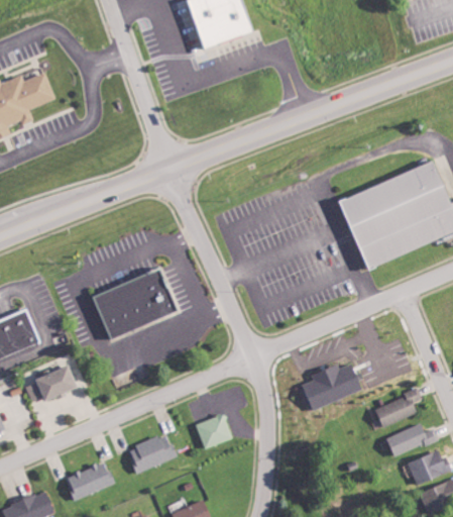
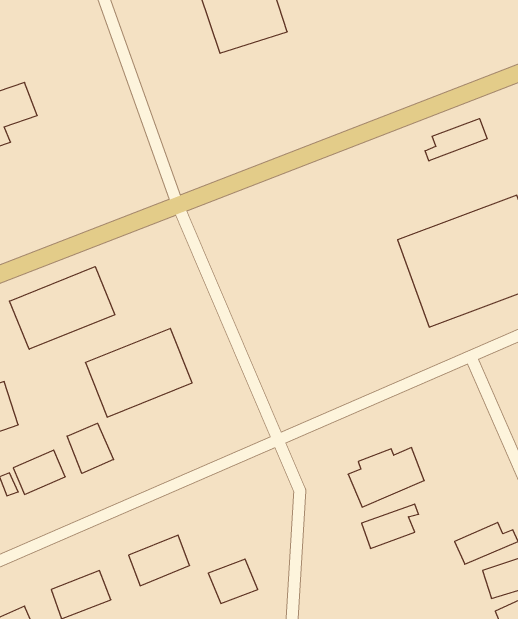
building: none -> [425,119,487,161]
building: none -> [9,267,115,349]
building: none -> [67,423,114,473]
building: [374,392,420,427] -> [362,504,419,548]
building: [193,414,232,449] -> [208,559,258,603]

